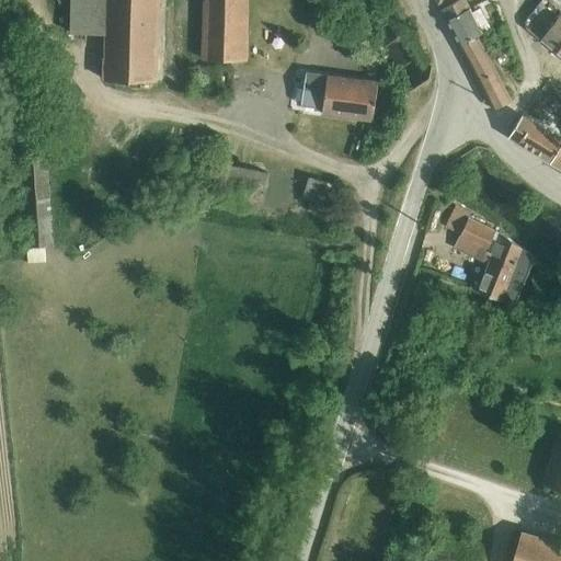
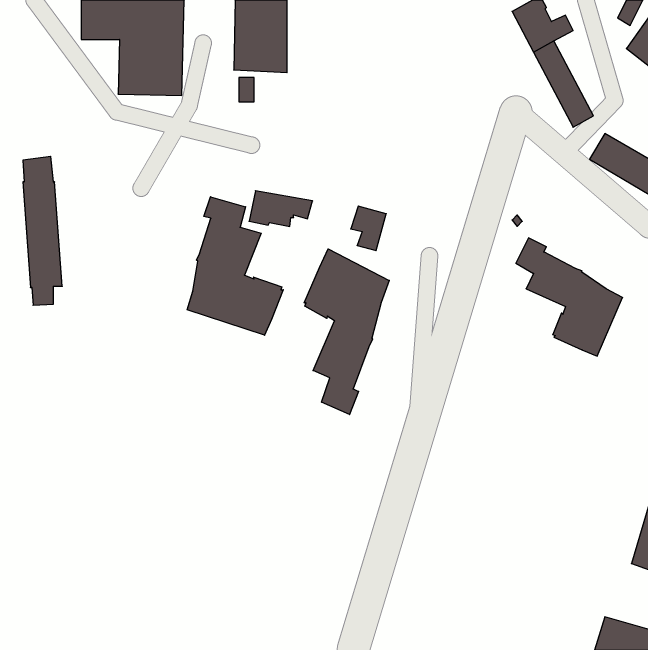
building: [302,73,379,122] -> none
building: none -> [187,197,283,335]
building: none -> [304,249,389,415]

